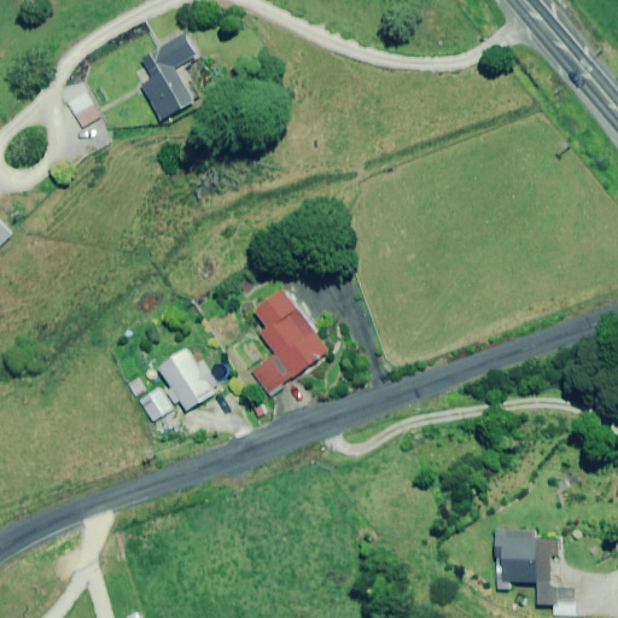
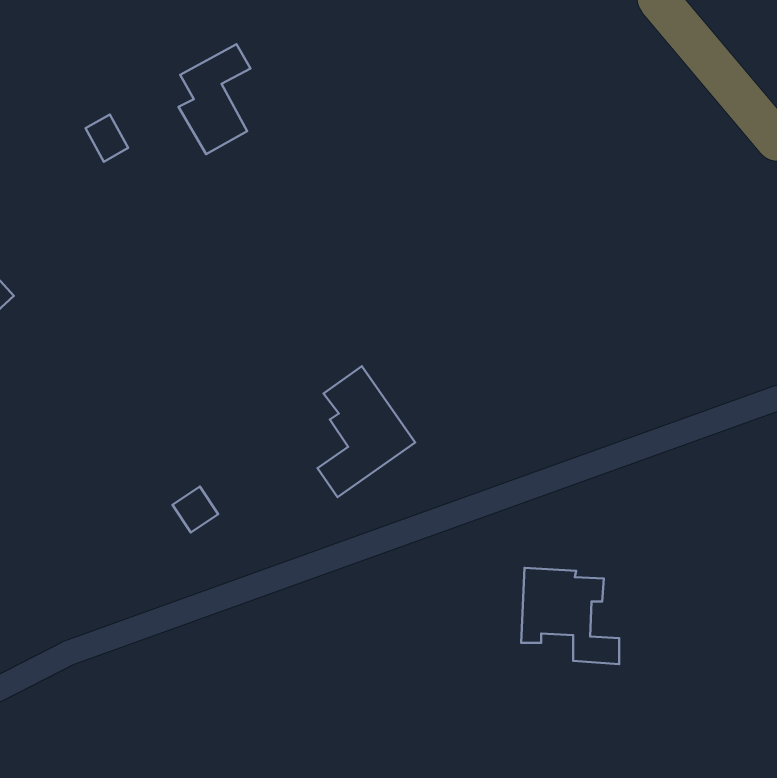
building: [159,351,212,410] -> none
building: [495,530,572,606] -> [521,568,619,664]

